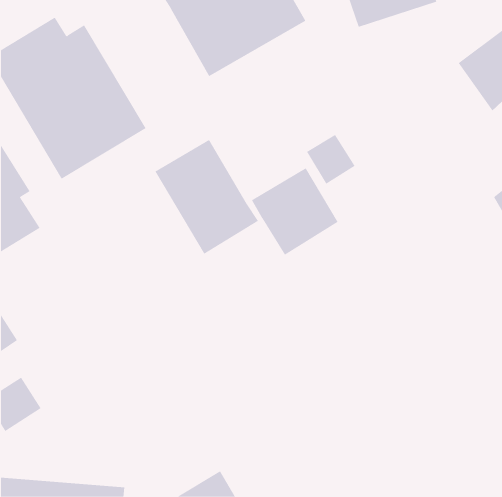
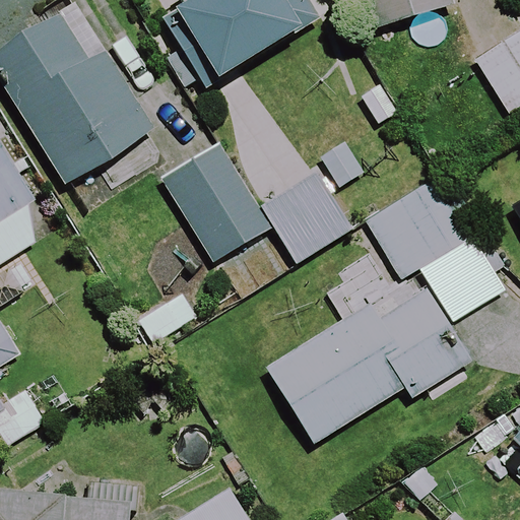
building: none -> [365,173,500,290]
building: none -> [267,286,468,442]

